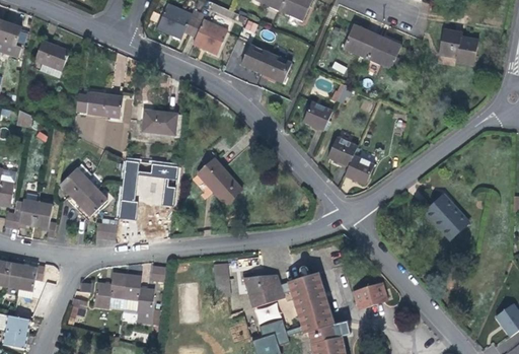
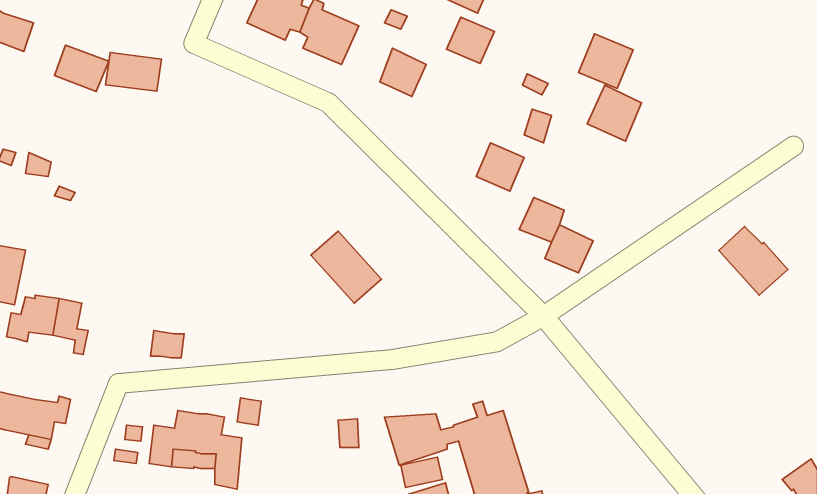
building: [342,23,376,59] -> [587,85,642,141]
building: [438,30,476,64] -> none
building: [261,54,291,83] -> [447,17,495,64]
building: [86,93,122,118] -> [105,53,161,91]
building: [142,110,175,134] -> none
building: [118,159,178,219] -> none
building: [60,168,106,215] -> none
building: [425,196,468,239] -> [719,226,788,295]
building: [353,282,387,309] -> none

